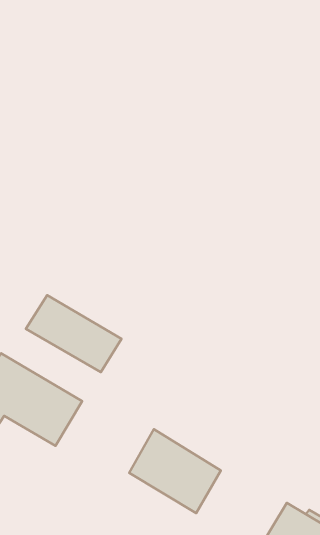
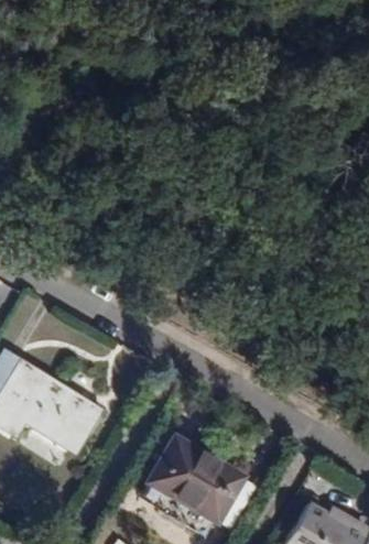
building: [26,295,122,372] -> none

